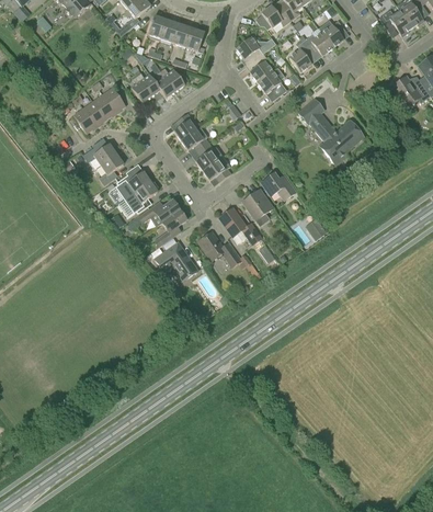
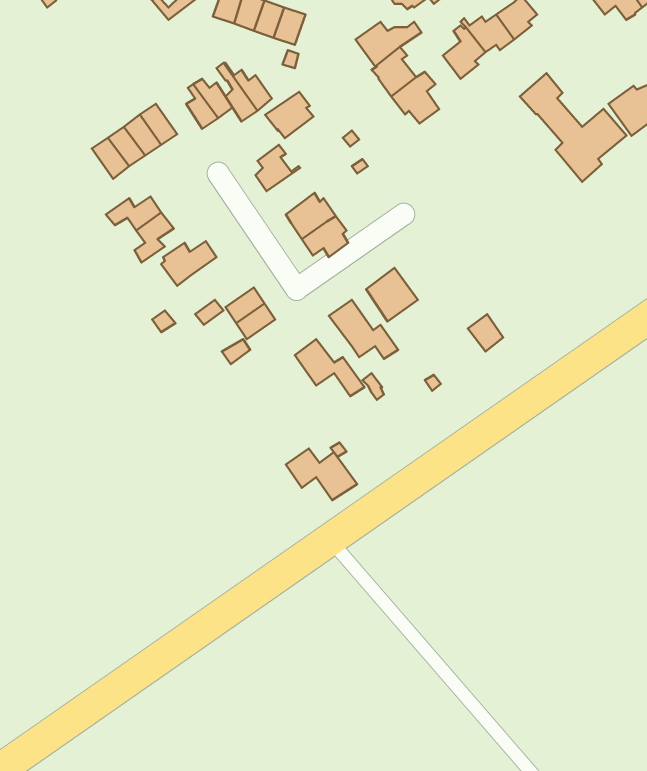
building: [297,98,363,164] -> [520,73,627,182]
building: [180,126,209,155] -> [265,92,313,138]
building: [260,172,295,198] -> none
building: [125,181,157,212] -> none
building: [153,248,197,280] -> [286,449,357,500]

